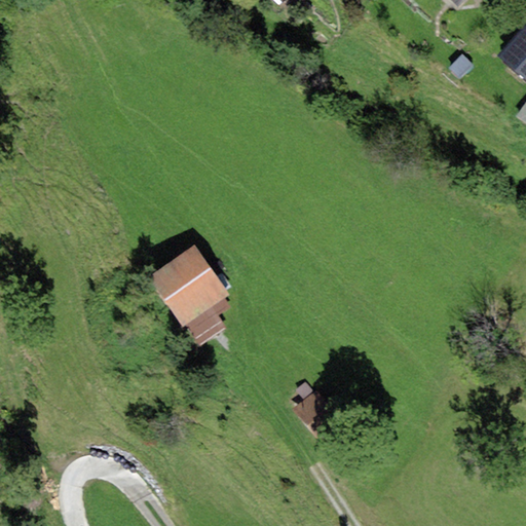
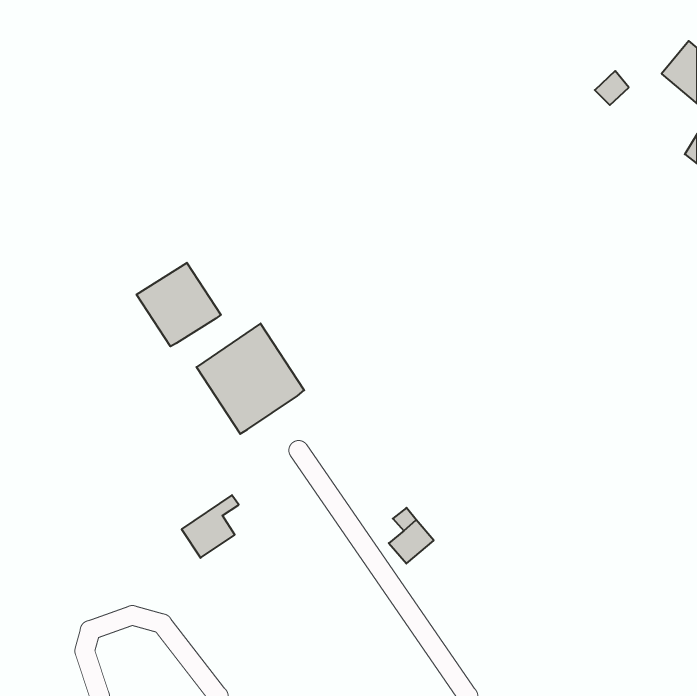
building: none -> [137,263,221,346]
building: [186,298,229,345] -> [182,495,239,558]

